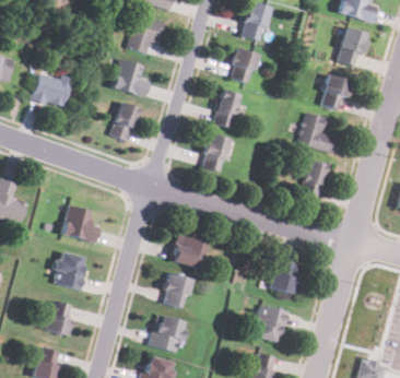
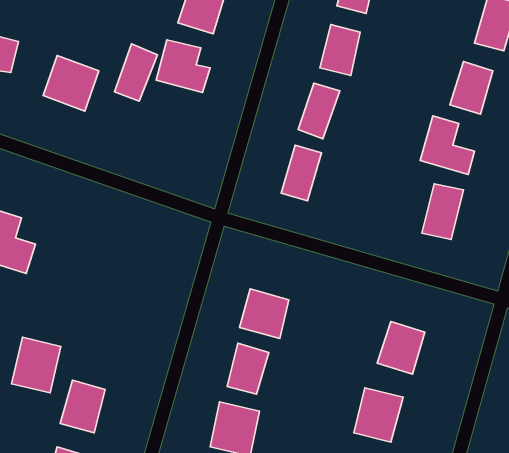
building: [110,102,141,142] -> [114,44,158,101]
building: [62,205,101,244] -> none
building: [54,250,89,290] -> [12,337,61,393]

